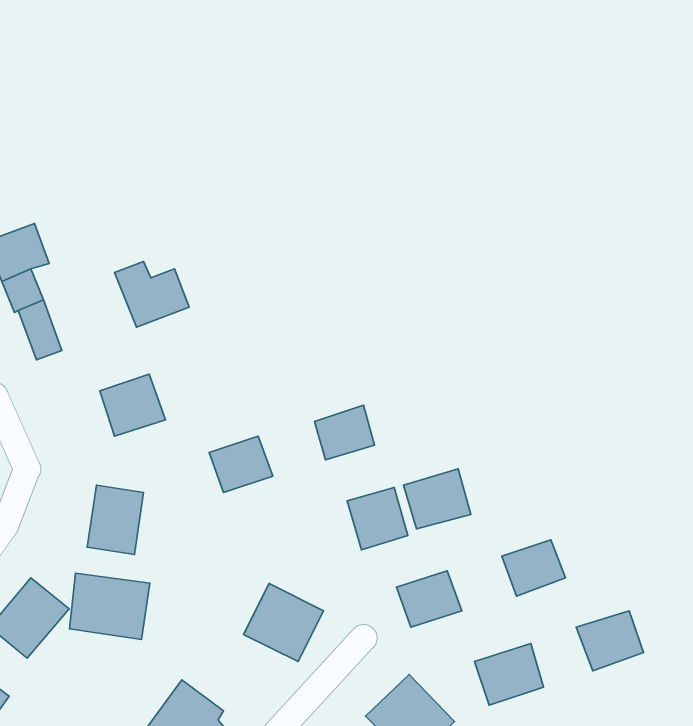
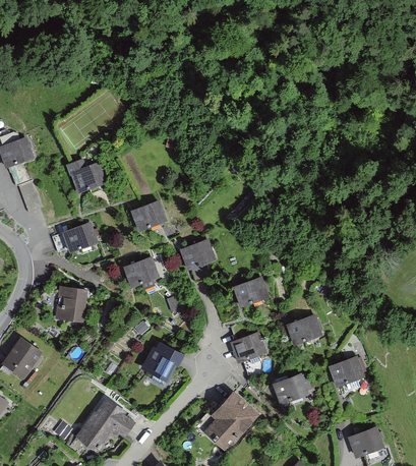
building: none -> [133,200,169,232]
building: [347,488,408,550] -> none
building: [69,573,150,640] -> none

